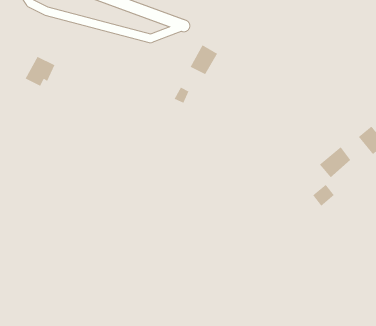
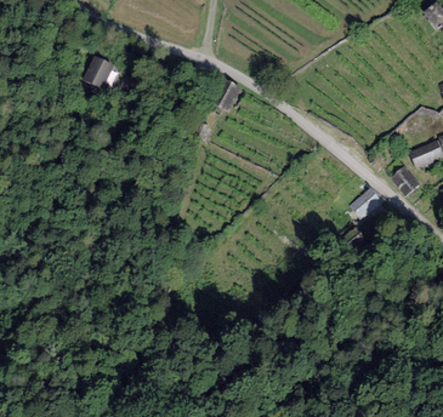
building: [25,56,56,87] -> [81,56,114,88]

